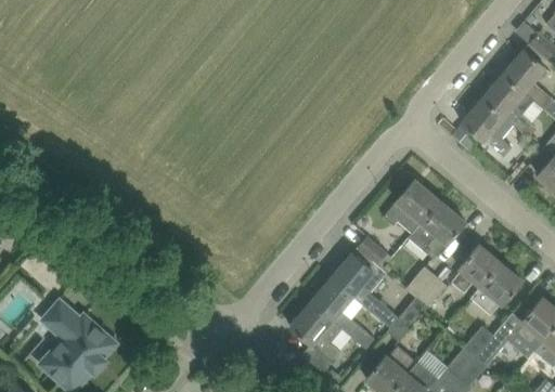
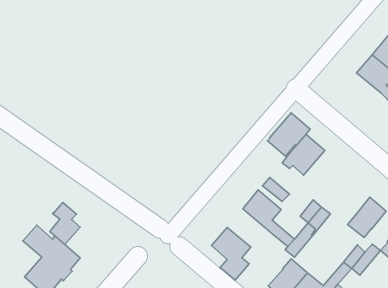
building: [462,99,515,158] -> none
building: [409,201,465,259] -> [267,113,310,156]
building: [452,246,500,292] -> none
building: none -> [50,203,80,244]
building: [311,278,374,349] -> none

